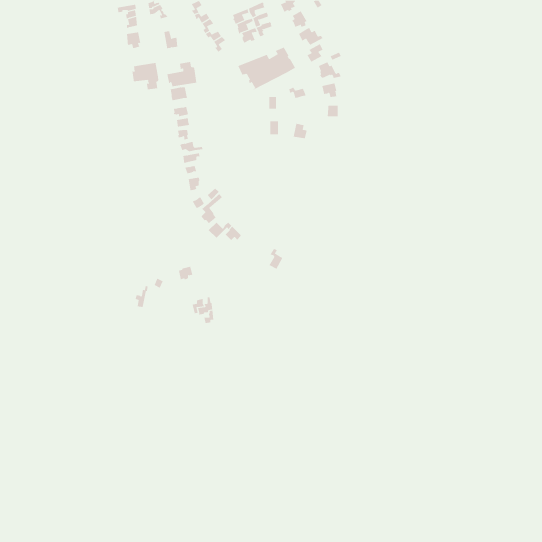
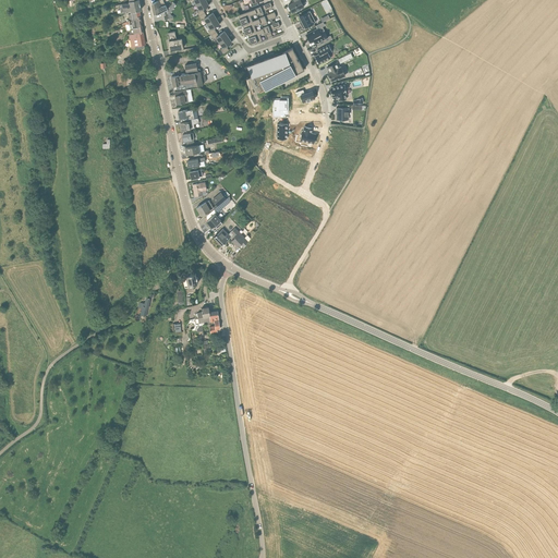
building: [132,62,159,90] -> none

